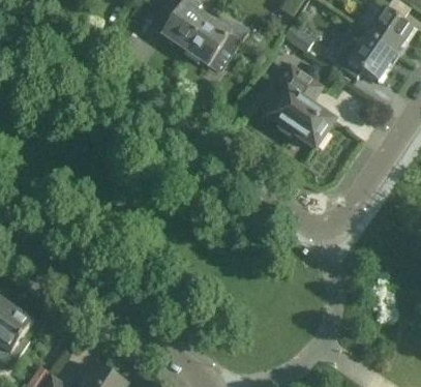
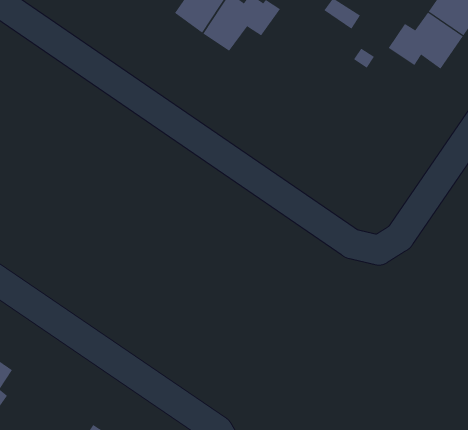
building: [270,69,335,148] -> none

